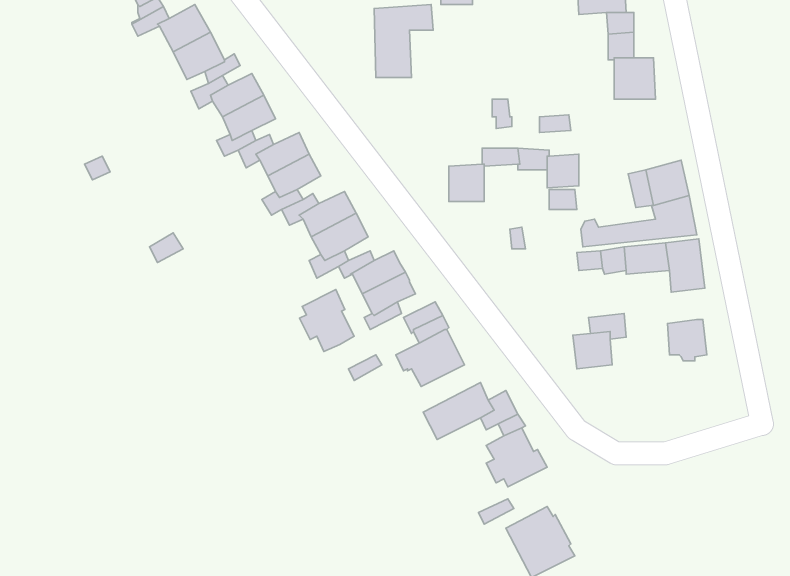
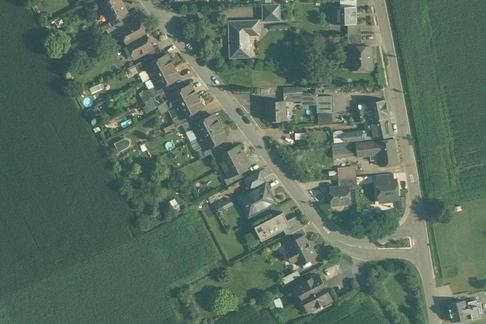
building: [300,290,354,352] -> none

